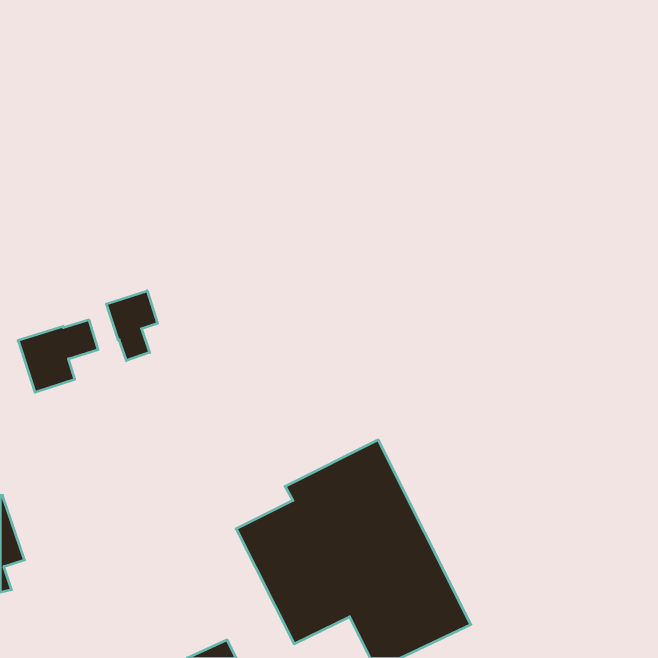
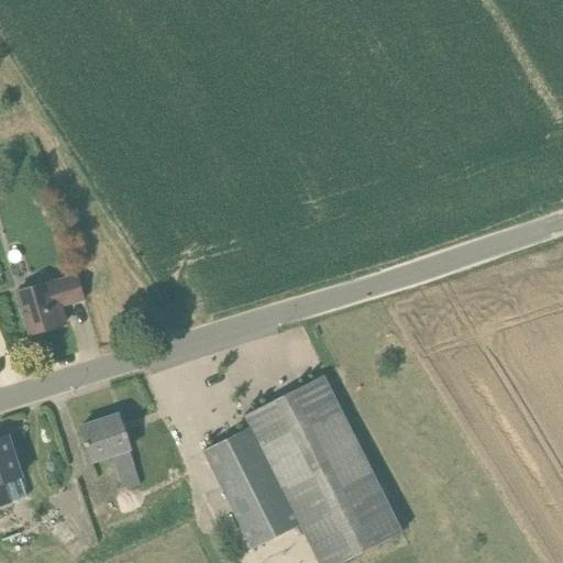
building: [106,291,158,361] -> none
building: none -> [80,415,142,490]

